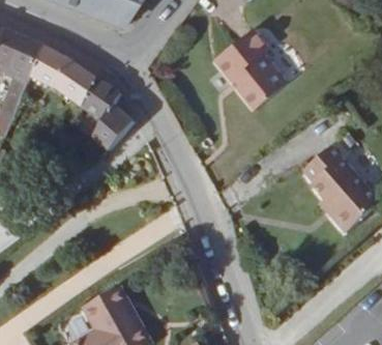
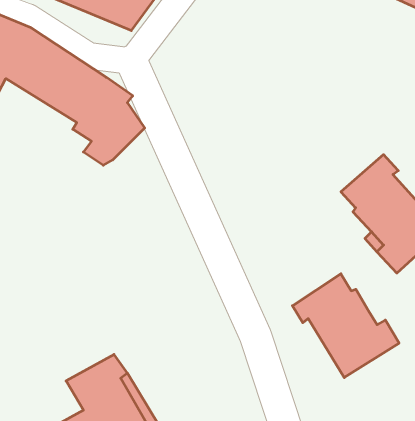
building: [218,18,293,99] -> none
building: none -> [292,274,399,378]

